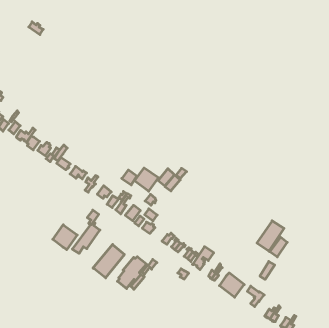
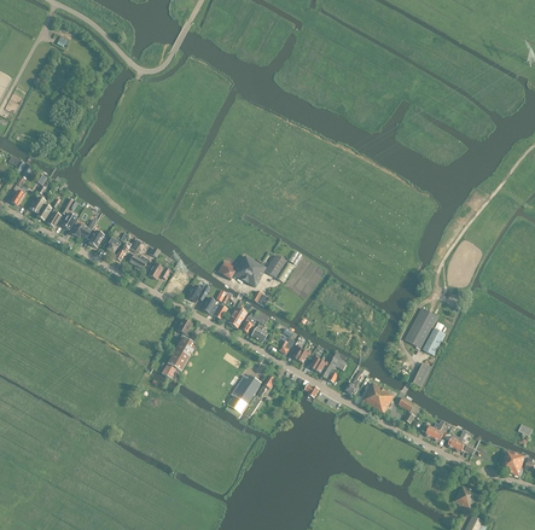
building: [53,225,77,250] -> none
building: [93,244,124,278] -> none

